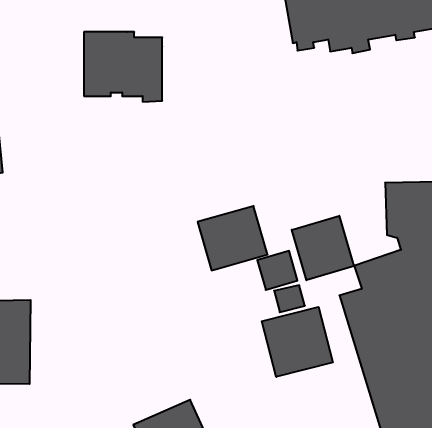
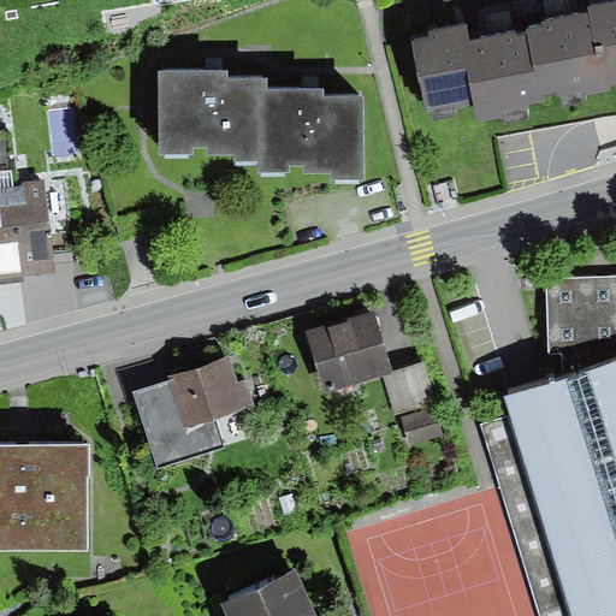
building: none -> [260,103,365,196]
building: [292,216,354,280] -> none
building: none -> [137,355,255,467]
building: [262,307,333,377] -> none

